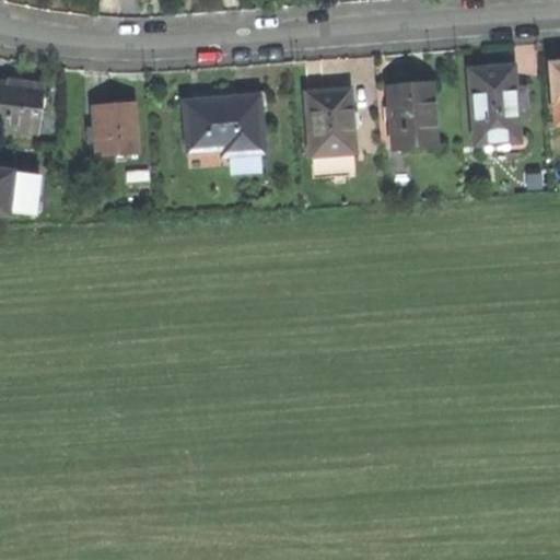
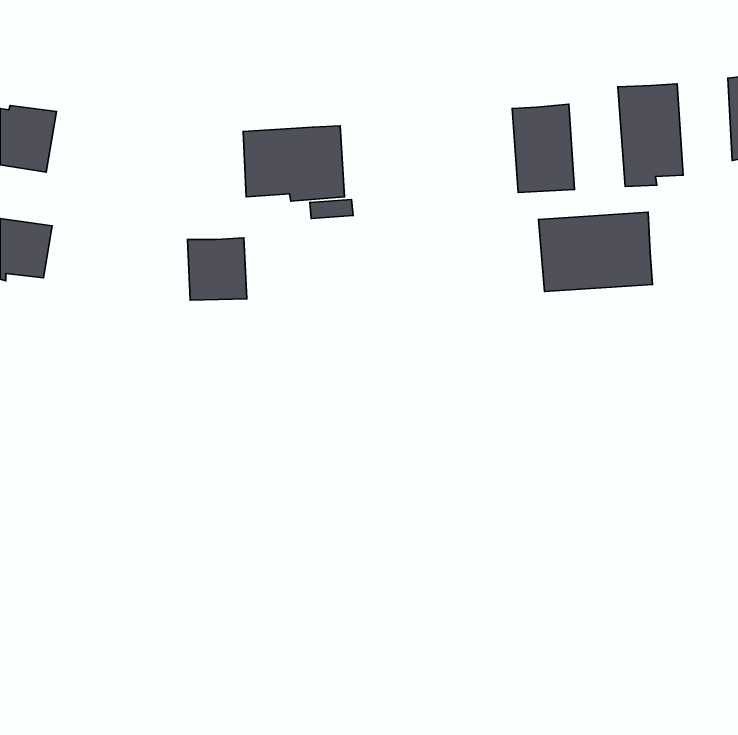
building: [305,86,352,173] -> none
building: [92,105,137,152] -> [187,238,247,300]
building: none -> [539,212,652,292]

